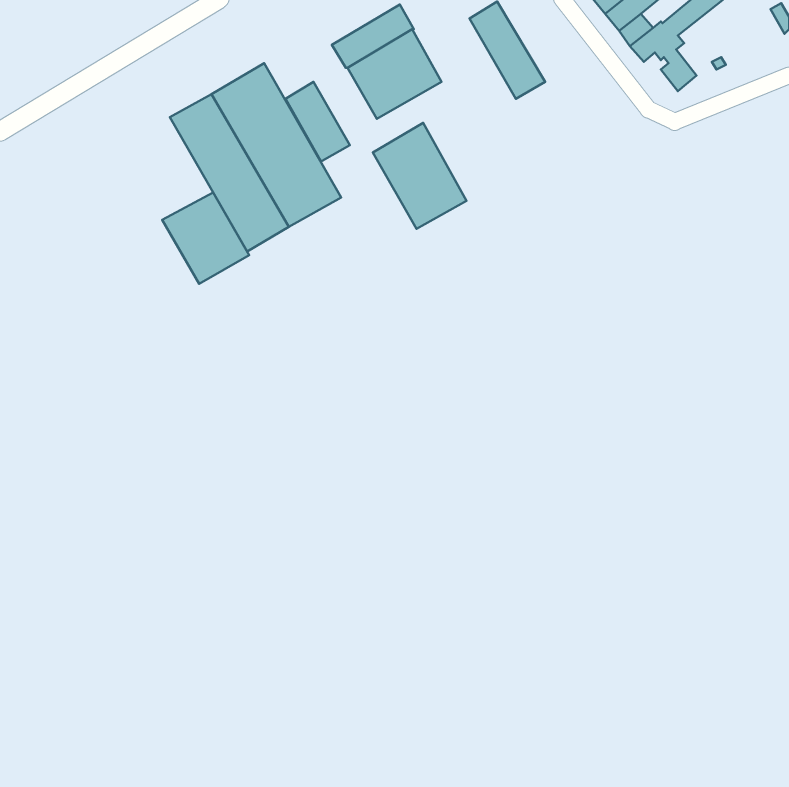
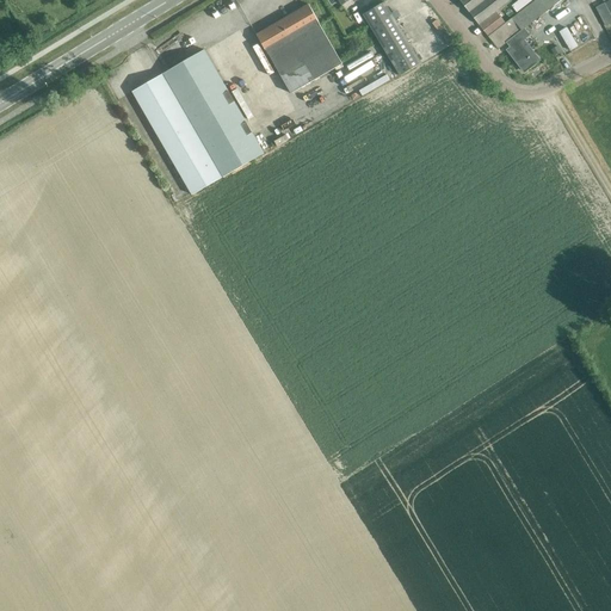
building: [285,82,350,161] -> none
building: [373,123,466,229] -> none
building: [162,193,249,284] -> none

